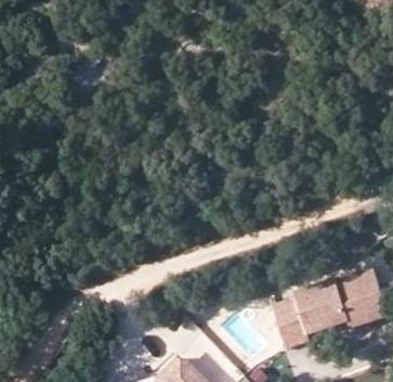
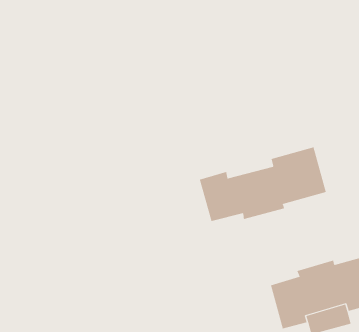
building: none -> [199,147,327,222]

